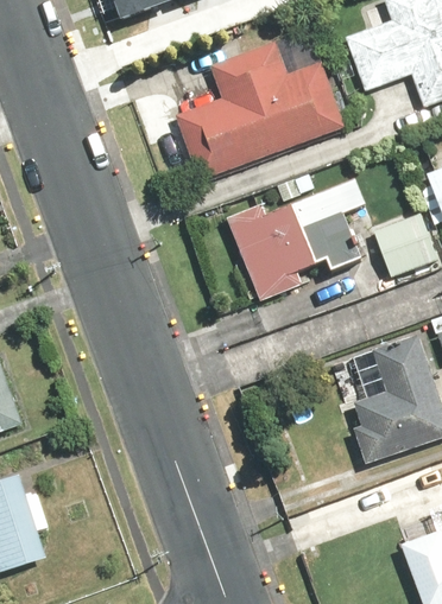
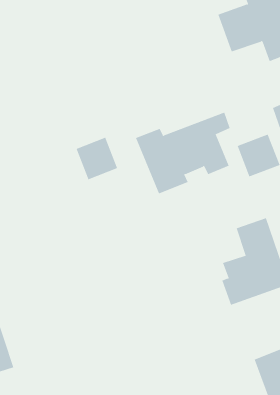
building: [173,43,345,180] -> none
building: none -> [76,137,118,180]

